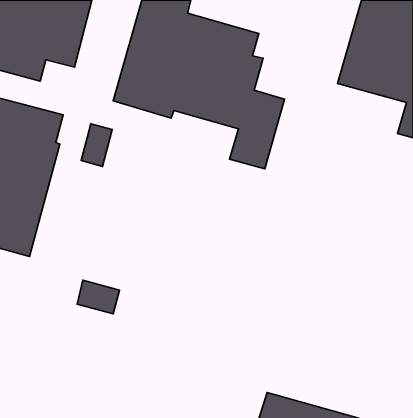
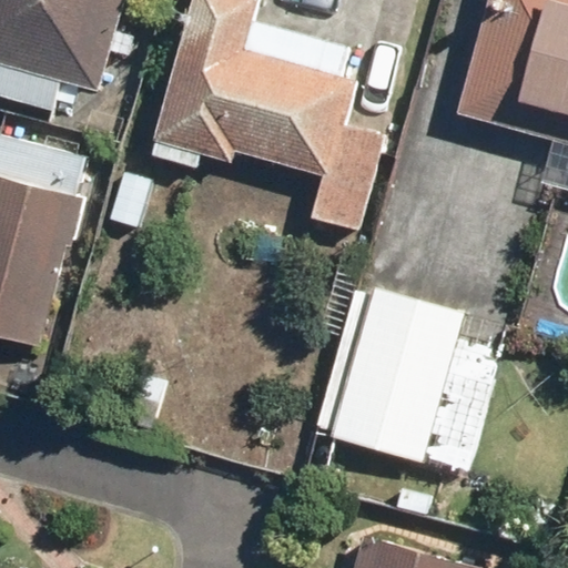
building: none -> [315,286,509,475]

